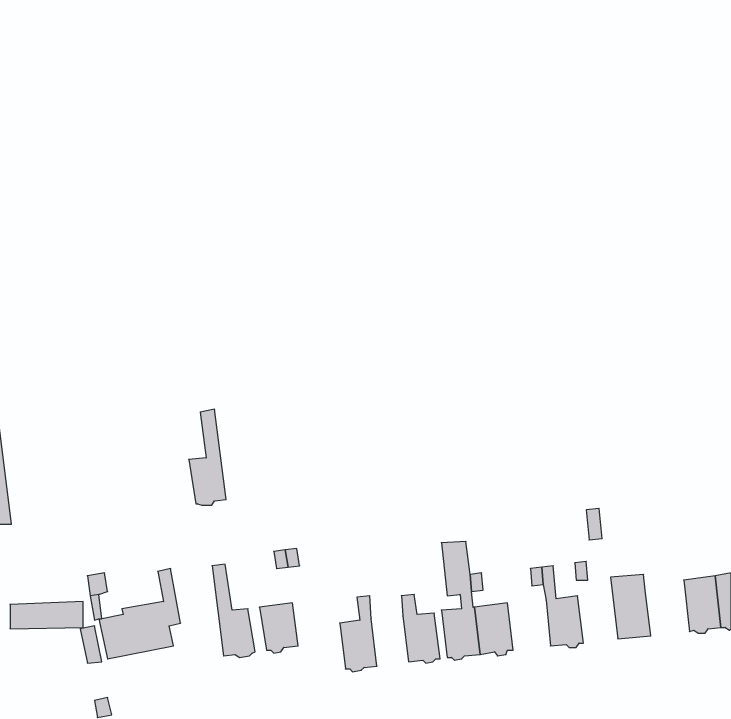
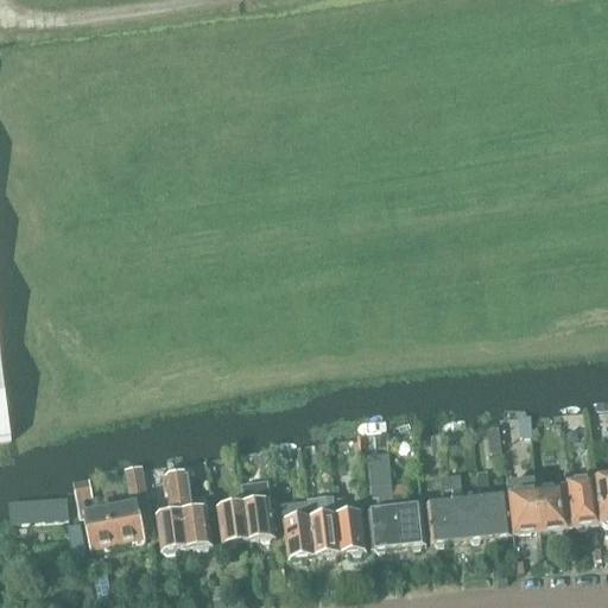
building: [189,409,226,505] -> [154,469,185,549]
building: none -> [240,481,274,537]
building: none -> [534,486,566,528]
building: none -> [479,490,511,534]
building: none -> [425,498,456,540]
building: none -> [306,499,338,552]

